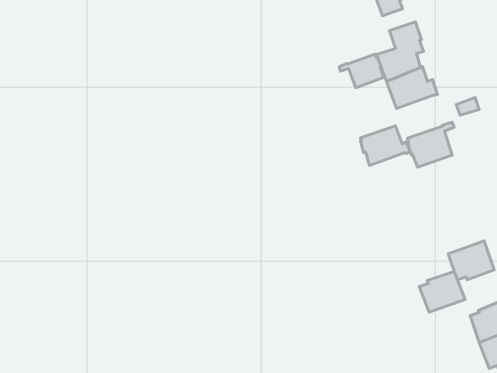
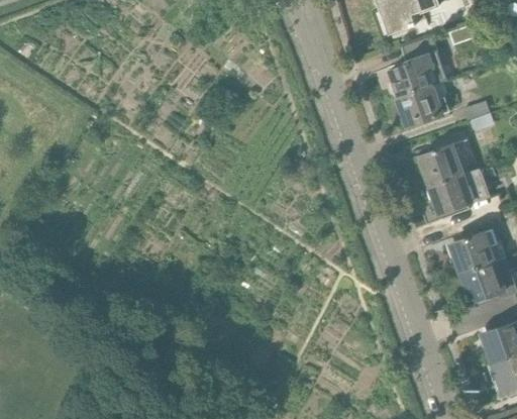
building: [339,54,384,88] -> none
building: [360,126,410,166] -> [429,174,480,214]
building: [419,271,465,312] -> [450,232,497,274]

